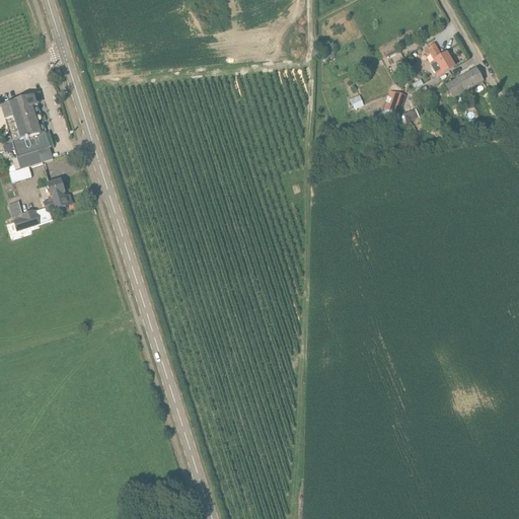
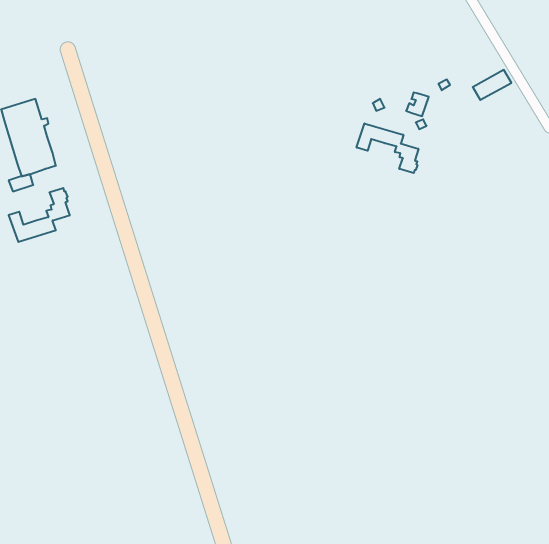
building: [424,41,454,73] -> none
building: none -> [357,123,418,173]

